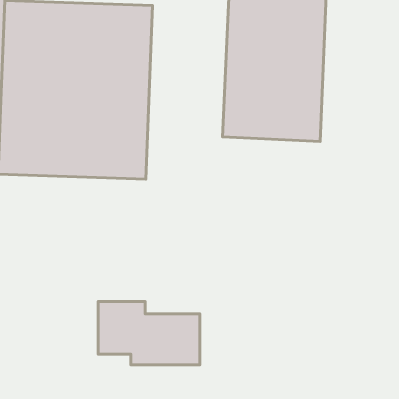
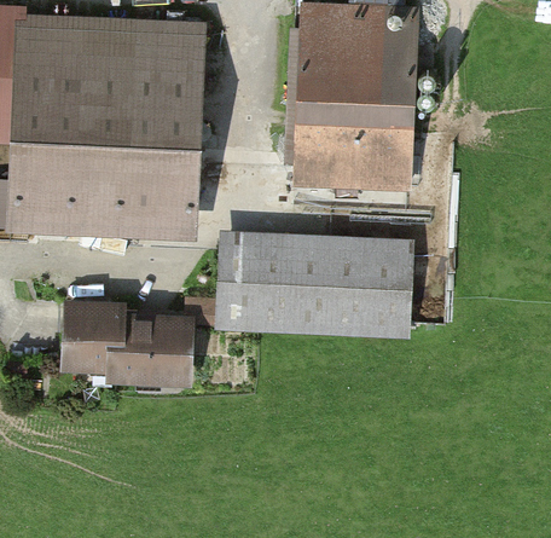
building: none -> [218,231,410,337]
building: [98,301,200,365] -> [59,303,187,383]

